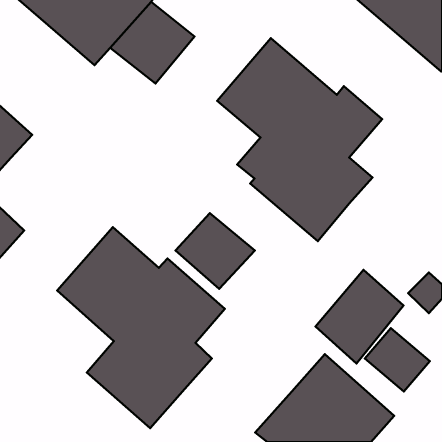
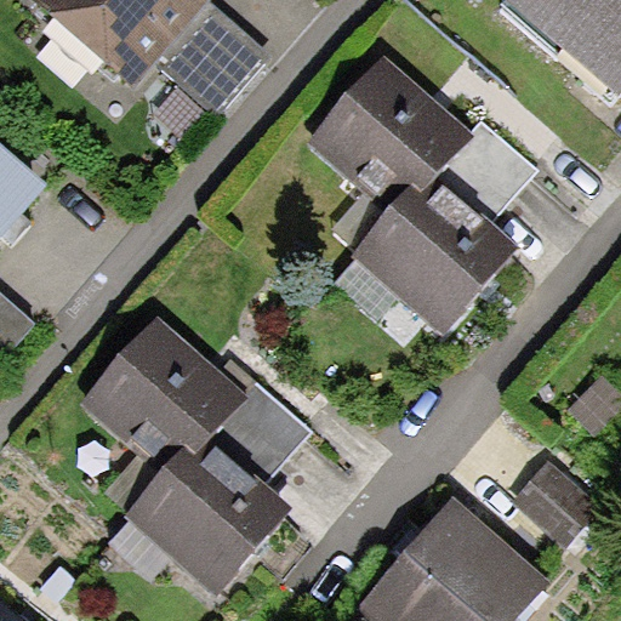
building: [176,213,255,289] -> none
building: [316,270,403,364] -> none

